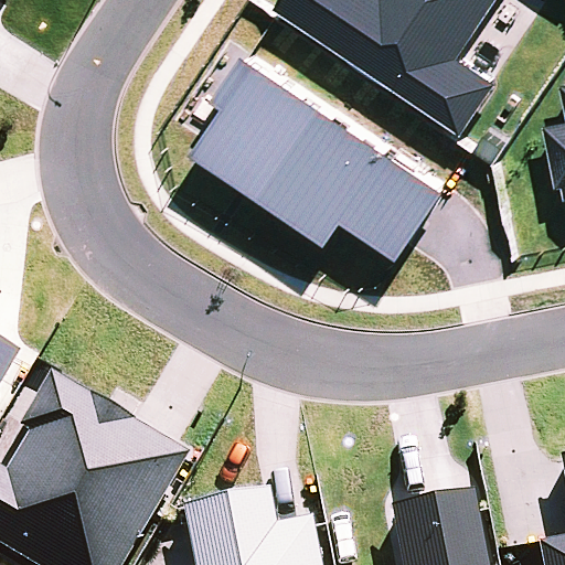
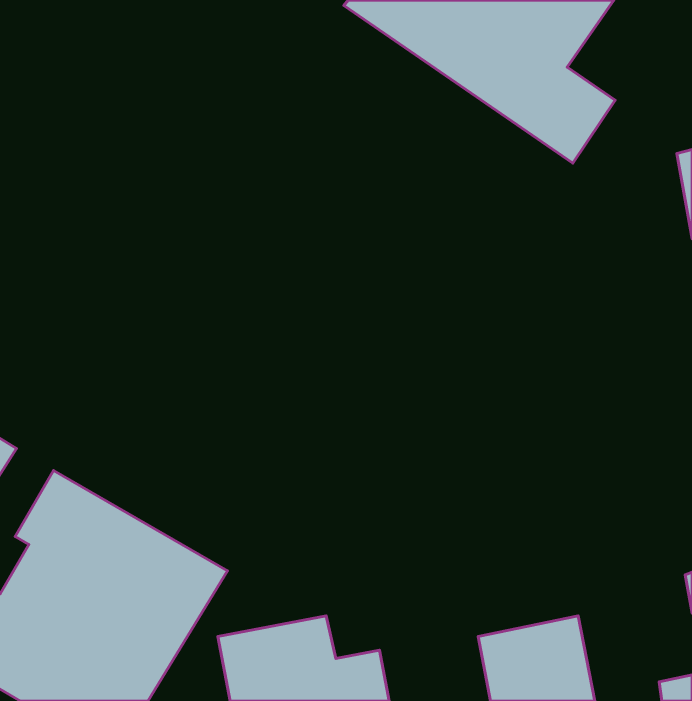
building: [196,53,445,255] -> none

